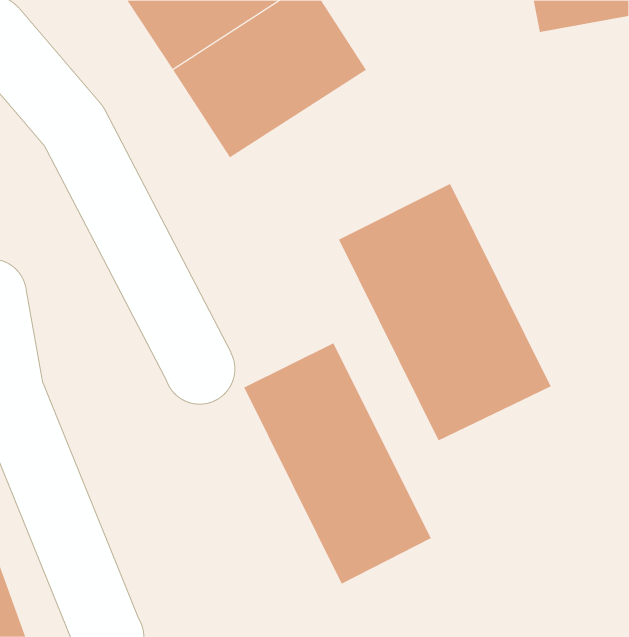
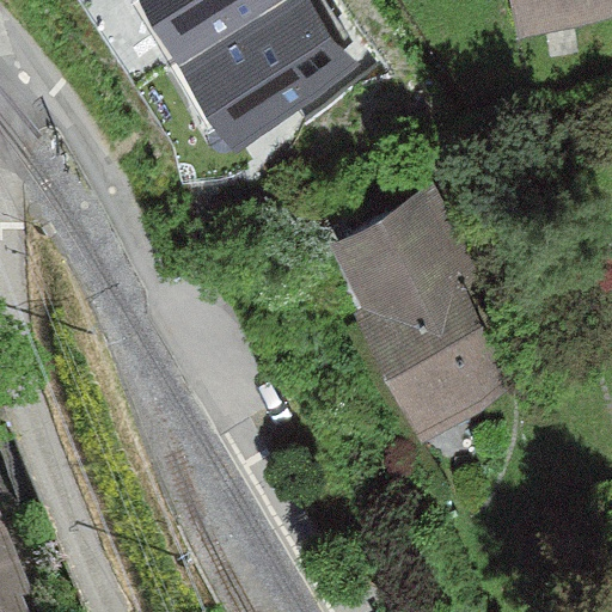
building: [243,343,432,585] -> none

